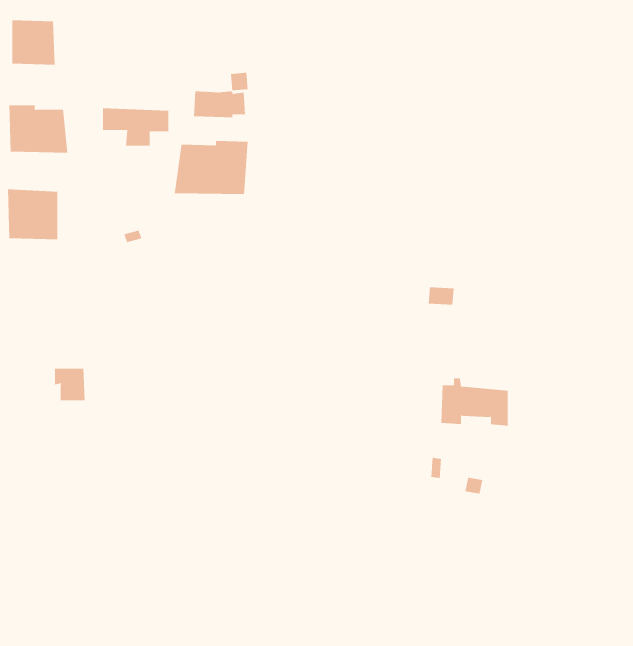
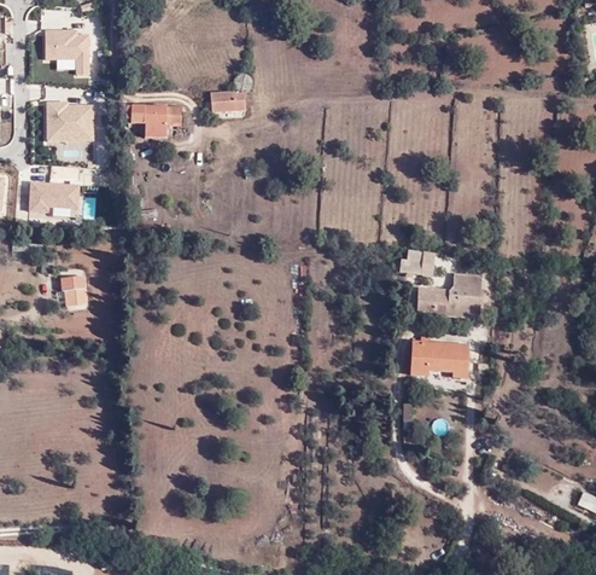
building: [174,140,248,195] -> none
building: none -> [421,271,486,315]
building: [54,368,86,401] -> [63,273,89,301]

